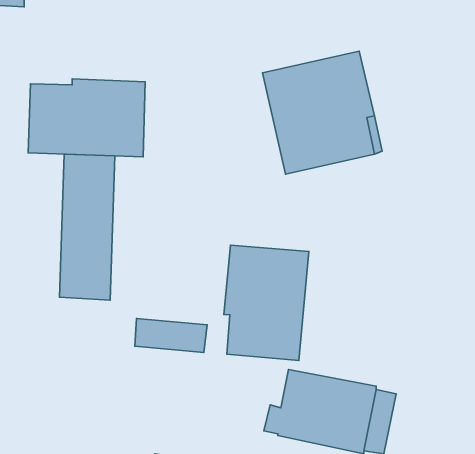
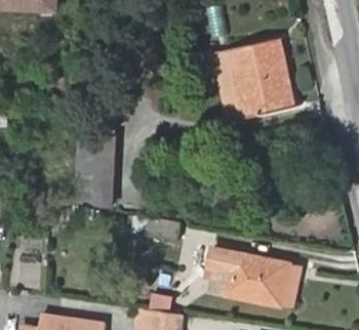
building: [28,79,145,157] -> none
building: [224,245,309,361] -> none

